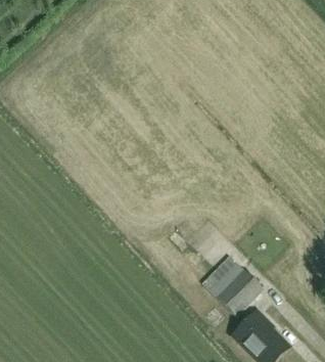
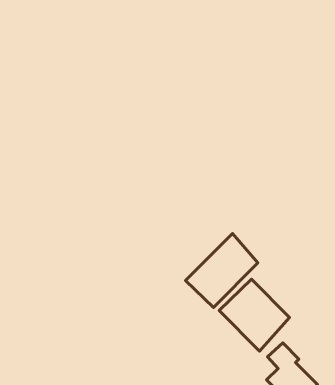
building: none -> [185,234,258,307]

